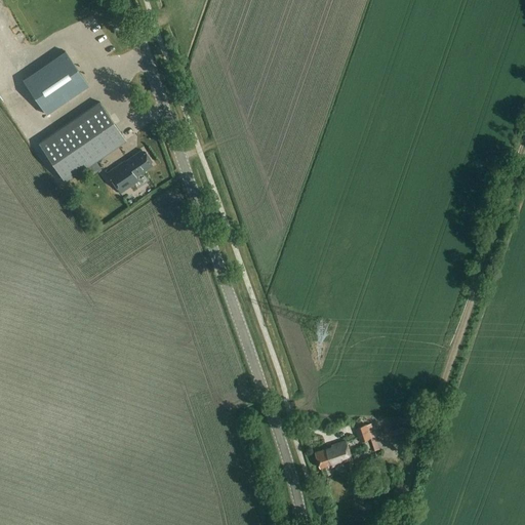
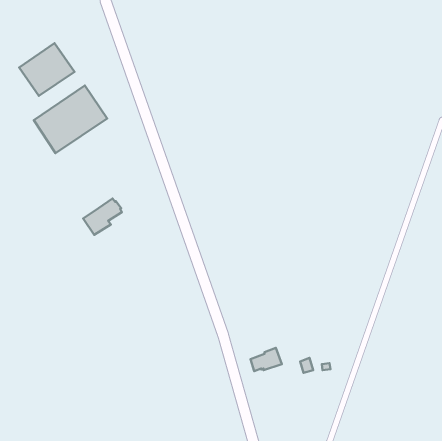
building: [106,151,152,194] -> [83,198,122,235]
building: [316,442,353,470] -> [251,348,282,371]

